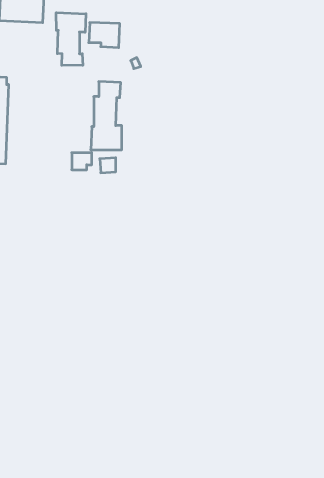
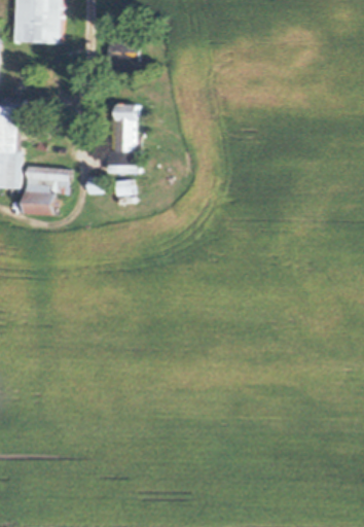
building: [56,13,86,65] -> none
building: none -> [25,165,70,215]

